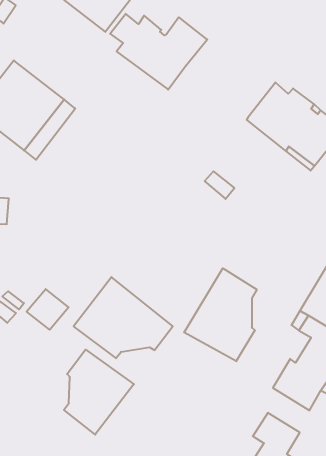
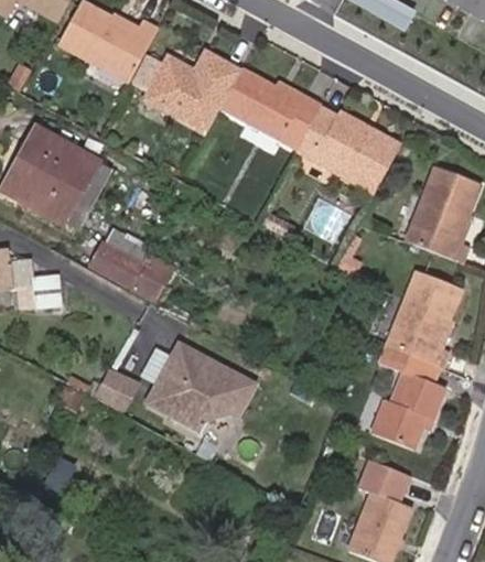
building: none -> [220,68,320,147]
building: none -> [90,241,171,298]
building: [184,268,257,361] -> none
building: [64,350,134,435] -> none

